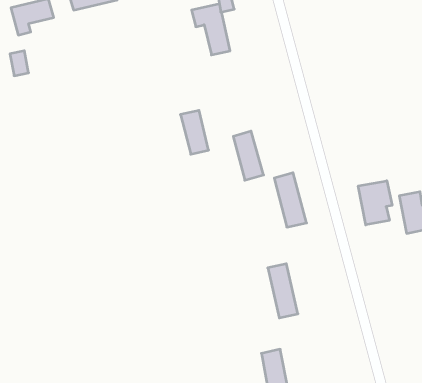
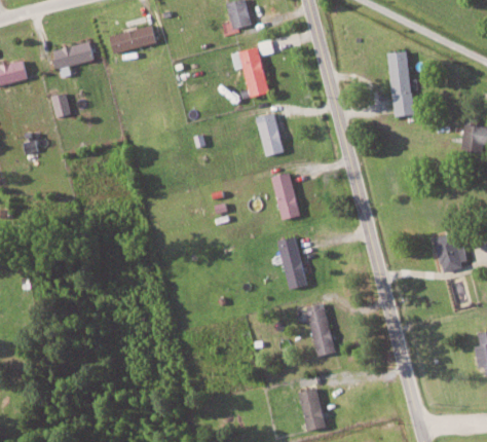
building: none -> [388,50,413,115]
building: [180,110,209,154] -> [256,112,284,155]
building: [274,173,307,227] -> [276,235,308,289]
building: [358,181,392,225] -> none

